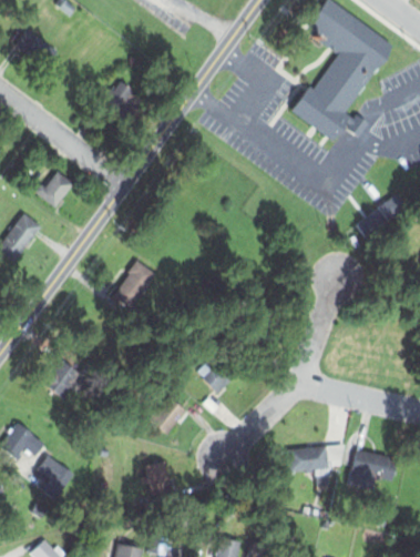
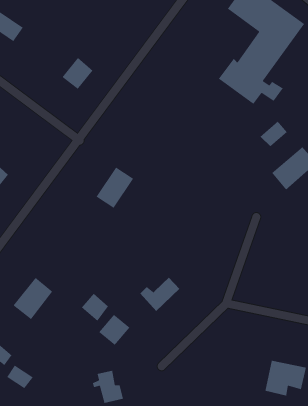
building: none -> [260,120,288,147]
building: [34,171,74,207] -> none
building: [112,260,158,311] -> [96,166,134,209]
building: none -> [81,293,109,322]
building: [287,443,345,488] -> none

